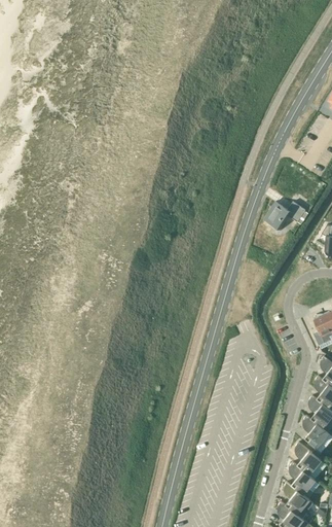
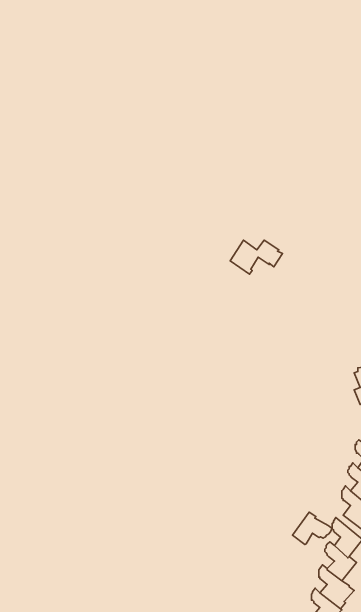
building: [264,202,308,231] -> [230,240,282,274]
building: none -> [293,512,332,544]

